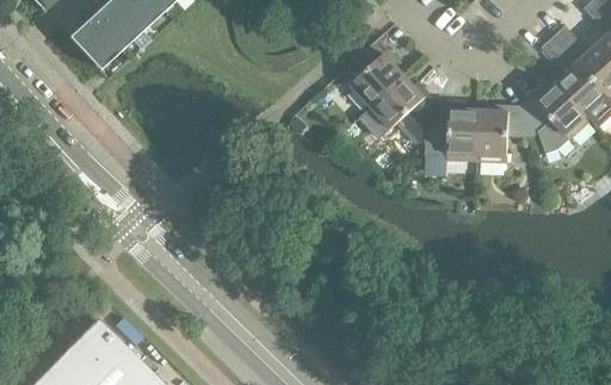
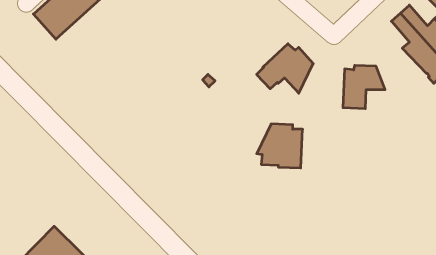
building: [351,38,405,107] -> none
building: [521,82,592,154] -> none
building: [419,103,480,161] -> [257,124,303,168]

